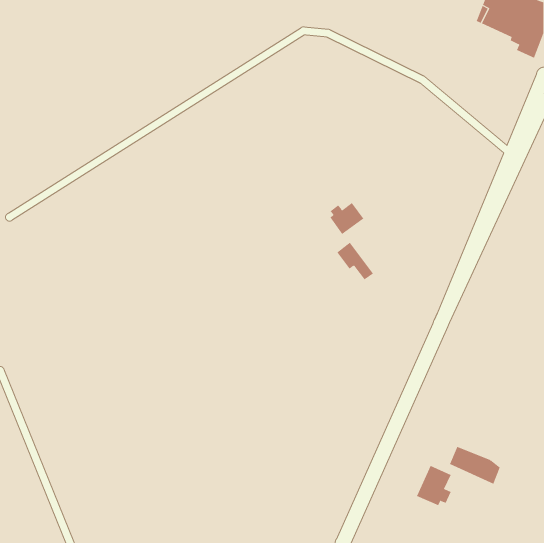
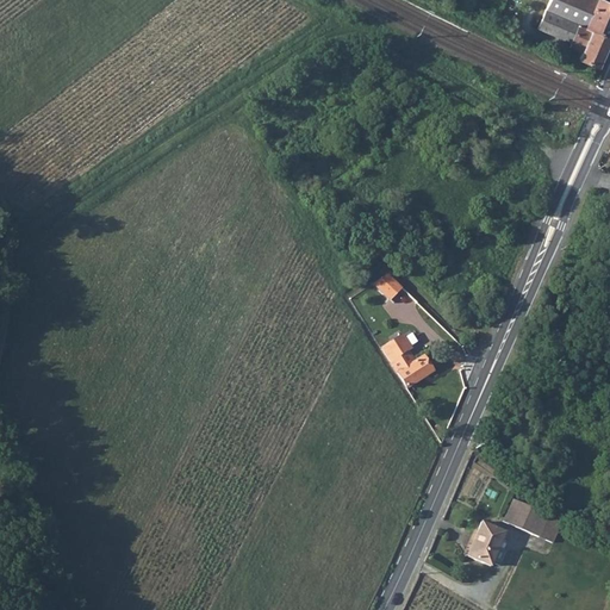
building: [330,202,364,235] -> none
building: none -> [382,334,432,386]

